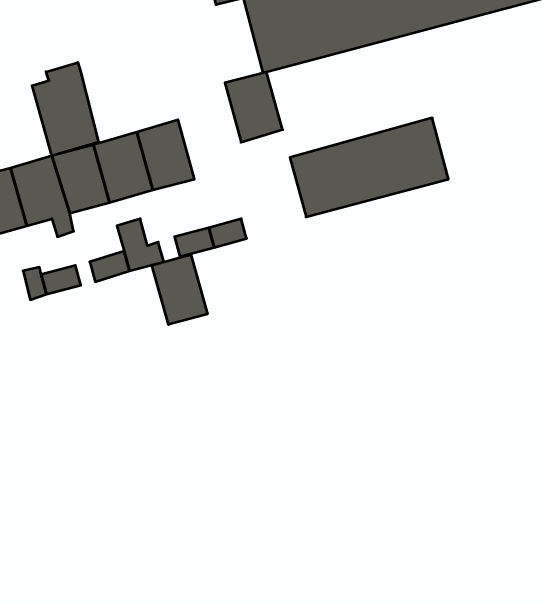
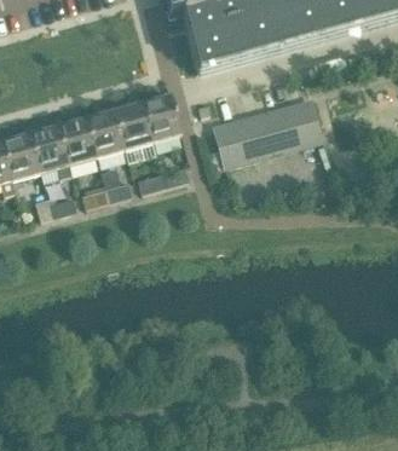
building: [32,62,98,156] -> none
building: [225,72,283,142] -> [140,93,179,140]
building: [152,255,207,325] -> none

